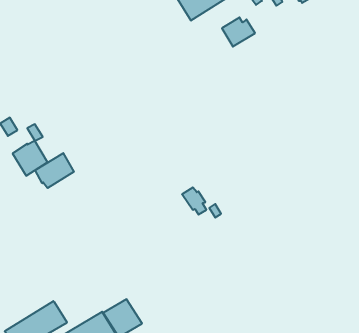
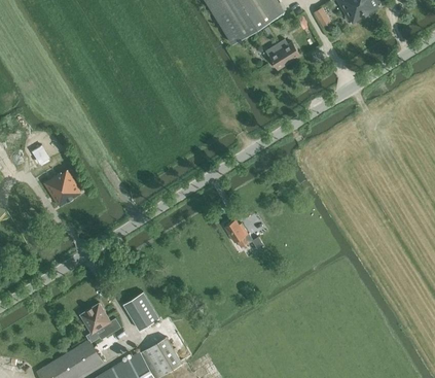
building: [35,153,74,188] -> none
building: none -> [123,294,158,332]
building: none -> [79,304,120,344]

